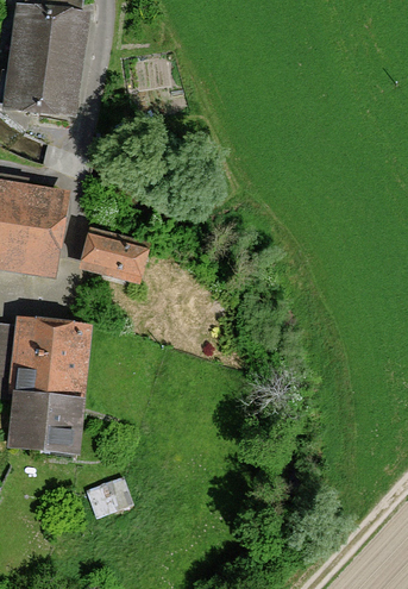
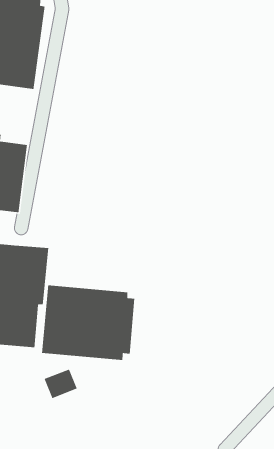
building: [75,232,145,283] -> none
building: none -> [41,285,135,361]

